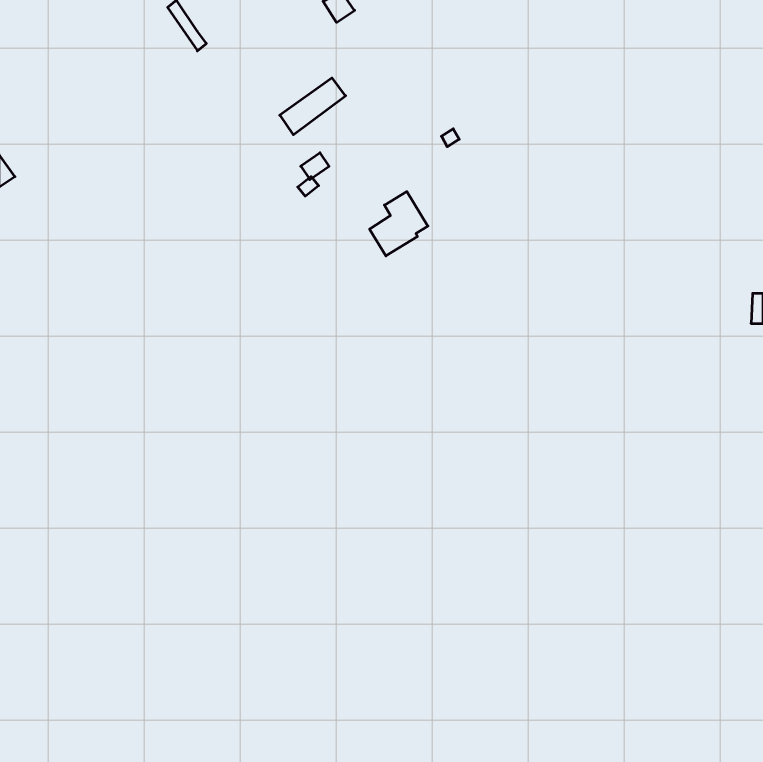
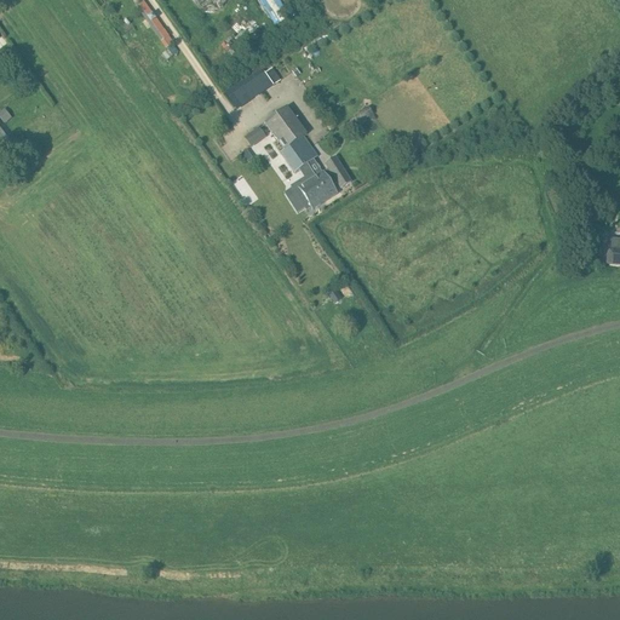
building: none -> [265,105,318,171]

